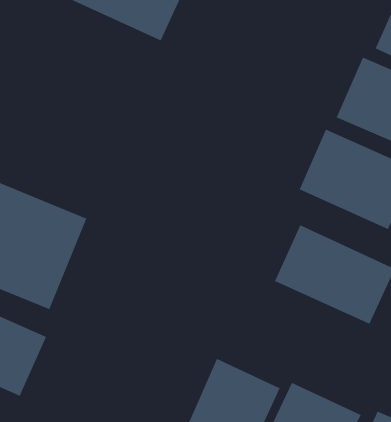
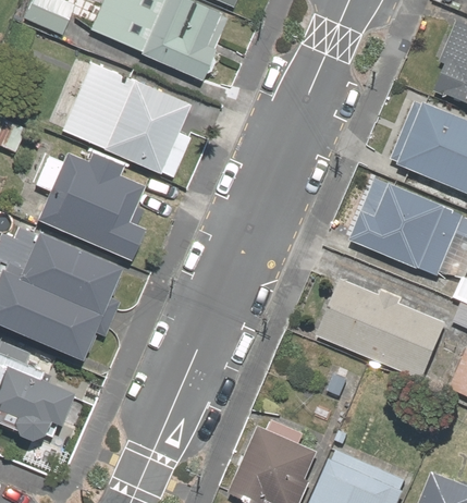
building: none -> [59,57,205,181]
building: none -> [35,149,151,261]

